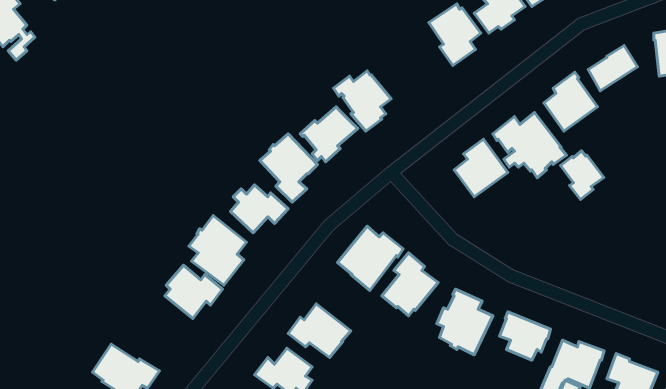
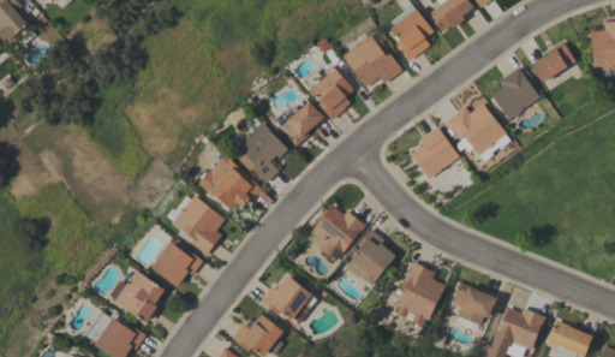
building: none -> [342,35,402,87]
building: [561,151,604,200] -> none
building: none -> [109,269,166,323]

